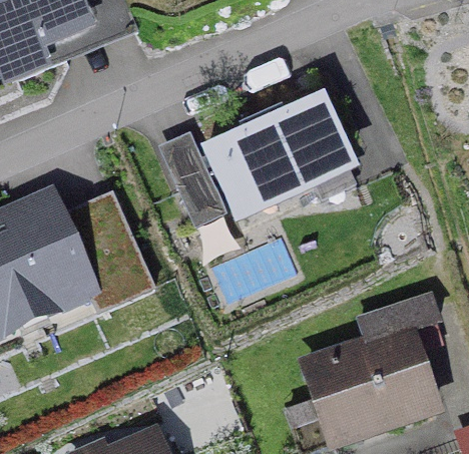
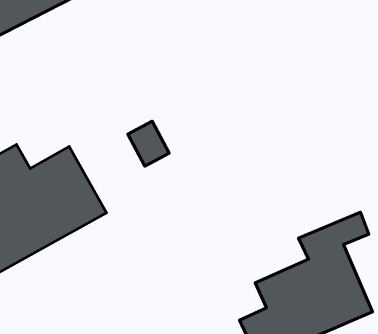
building: [202,95,349,206] -> none

